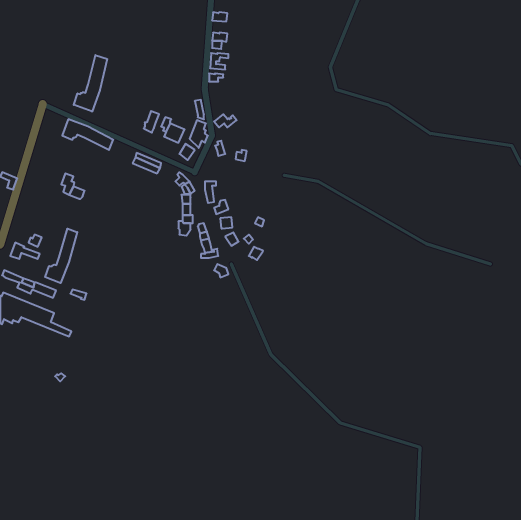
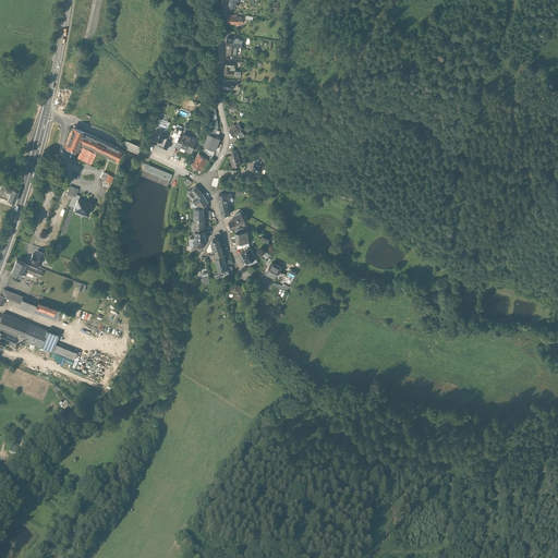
building: [74,55,107,112] -> none
building: [45,229,77,283] -> none

